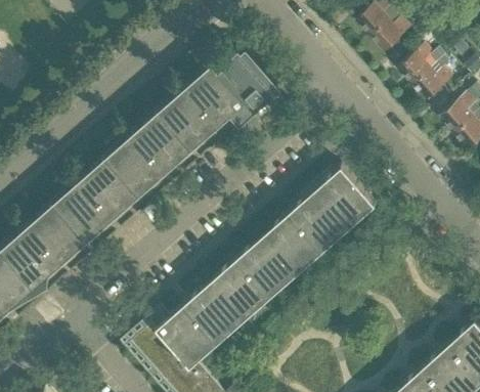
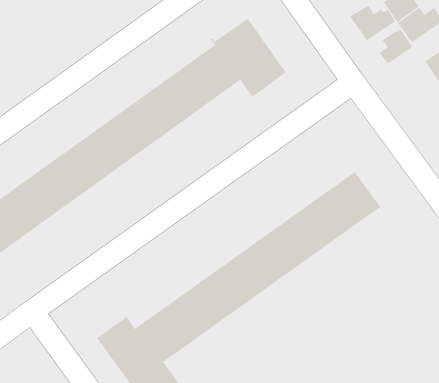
building: none -> [350,5,396,41]
building: none -> [379,28,413,65]

